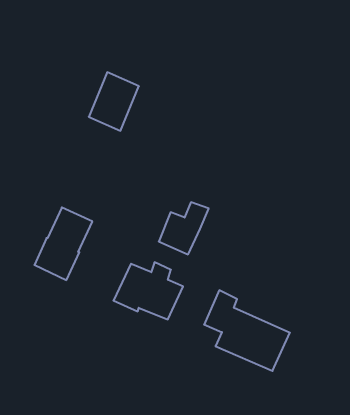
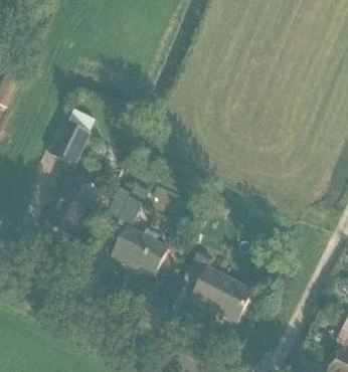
building: [89,72,139,131] -> [48,118,91,166]
building: [159,202,209,254] -> [108,180,150,222]

